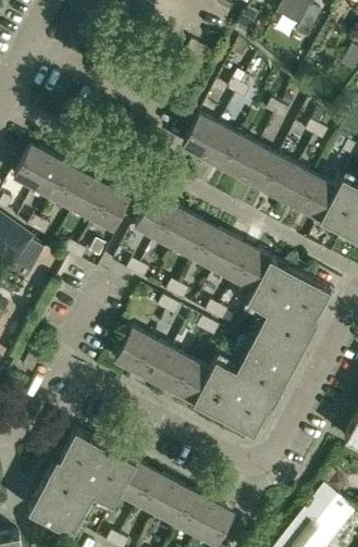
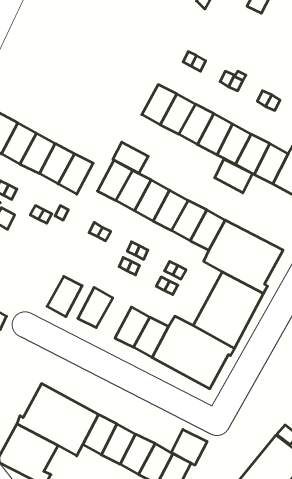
building: none -> [113,142,148,173]
building: none -> [215,159,252,193]
building: [133,339,170,382] -> [47,276,82,317]
building: none -> [172,429,207,465]

